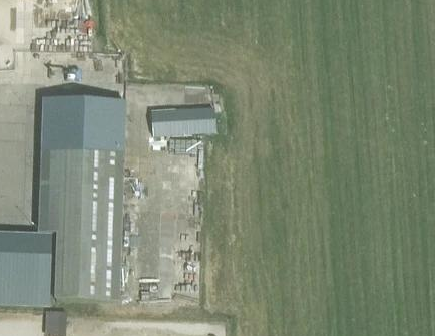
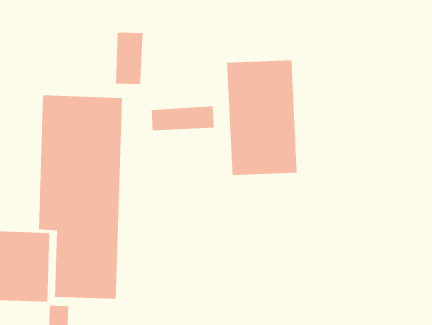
building: none -> [115,32,143,85]
building: none -> [227,59,297,176]

